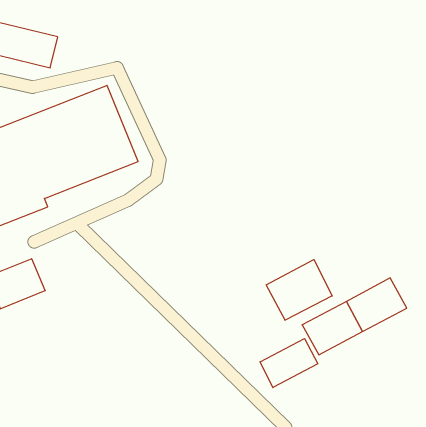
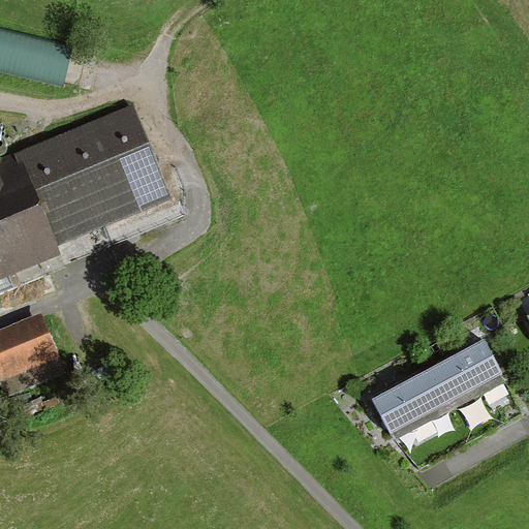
building: [266,260,332,320] -> none
building: [260,339,318,388] -> none

